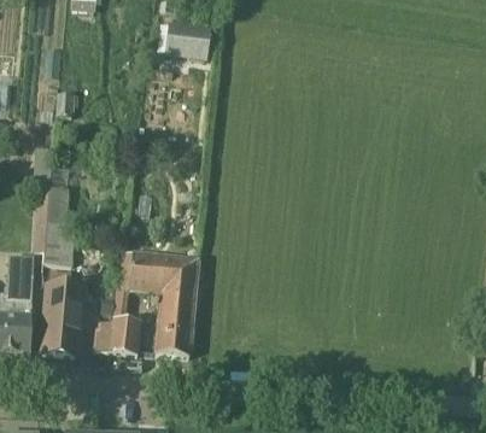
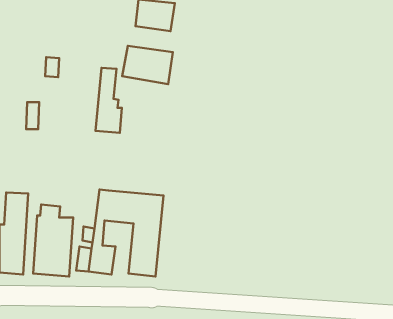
building: none -> [122,46,173,84]
building: [43,186,75,264] -> [96,68,122,133]

